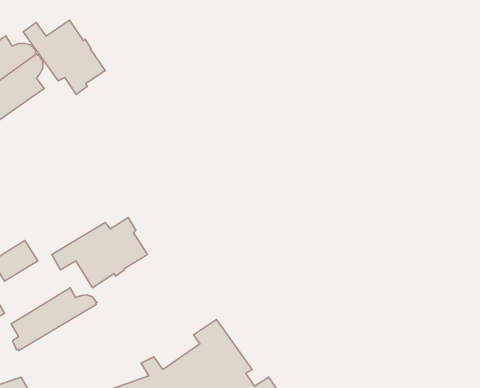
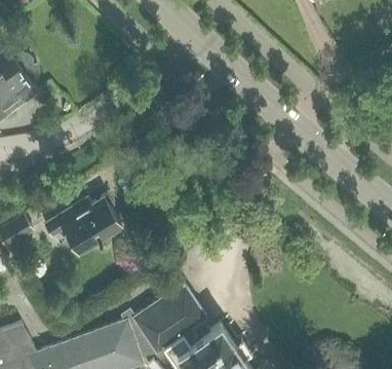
building: [23,20,105,94] -> none
building: [11,288,97,351] -> none

